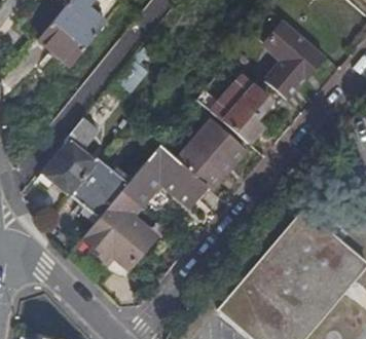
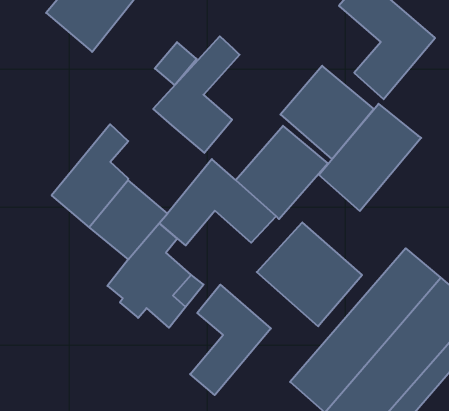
building: none -> [153,36,240,153]
building: none -> [319,104,421,211]
building: none -> [257,222,362,326]
building: none -> [190,285,271,395]

